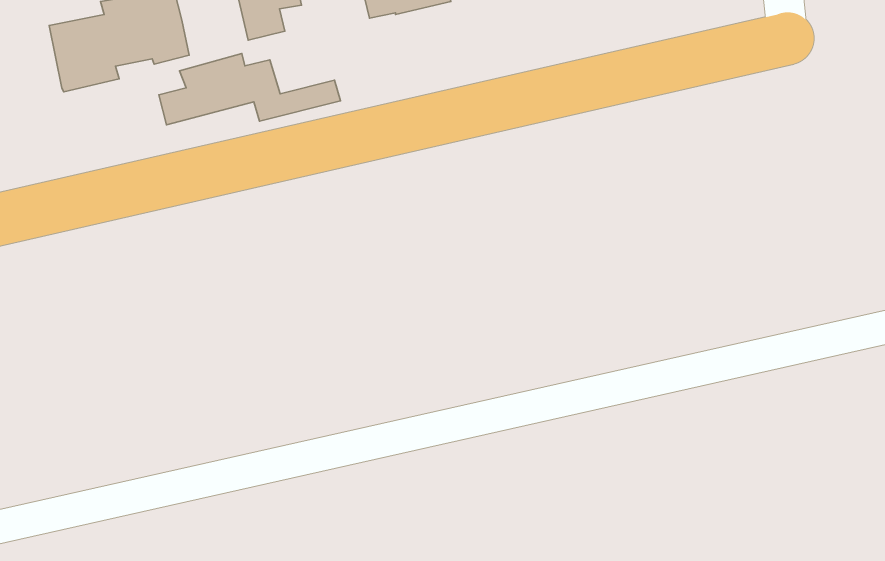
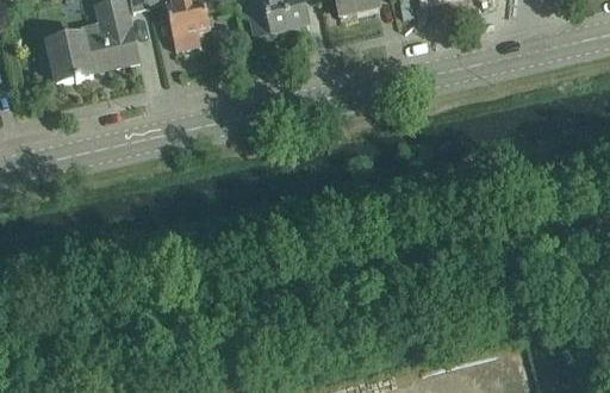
building: [159,54,341,125] -> none

